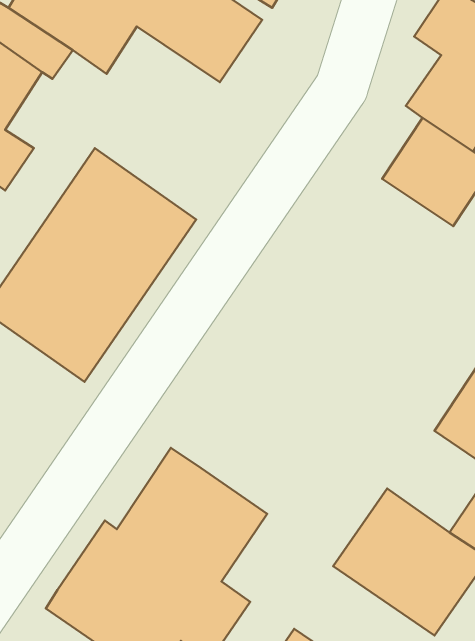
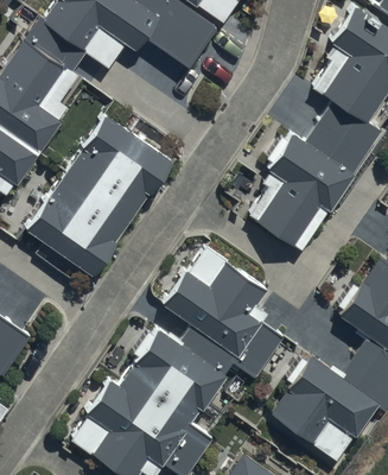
building: none -> [254,129,355,253]
building: none -> [159,243,284,379]

